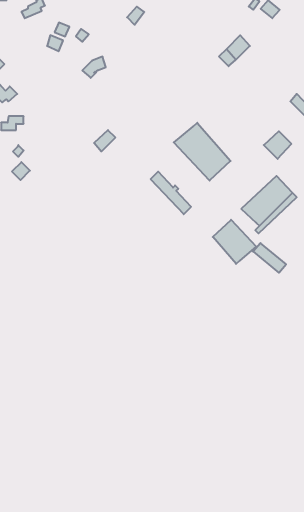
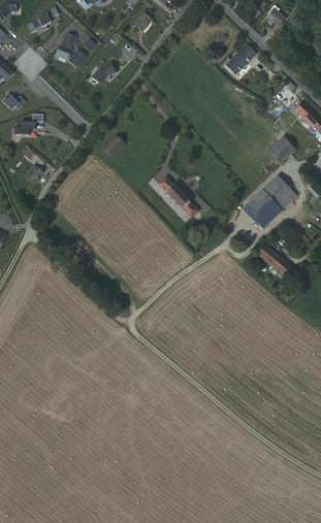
building: [174,123,231,181] -> none
building: [213,220,256,264] -> none

